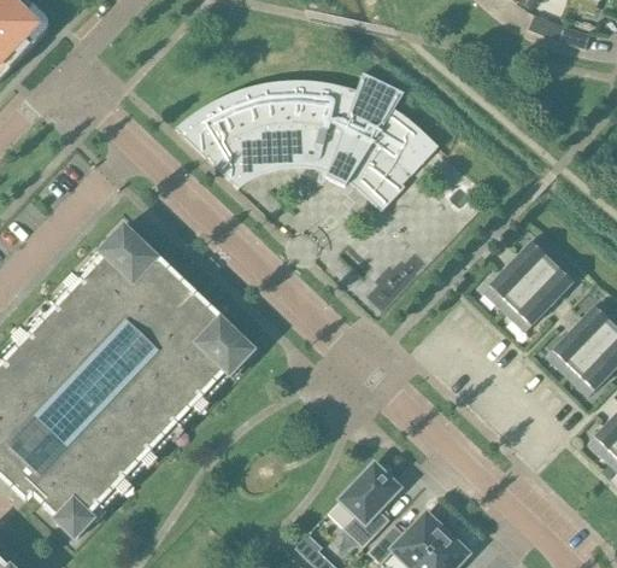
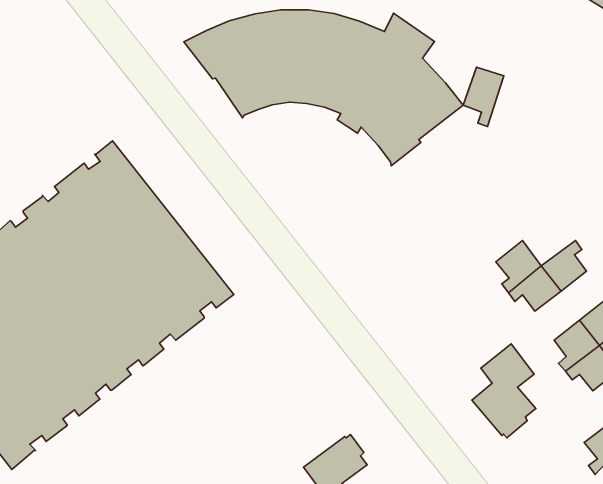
building: none -> [463,67,504,126]
building: [510,240,558,282] -> none
building: none -> [472,344,536,438]

